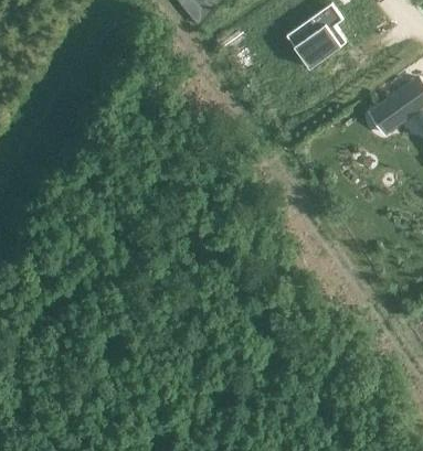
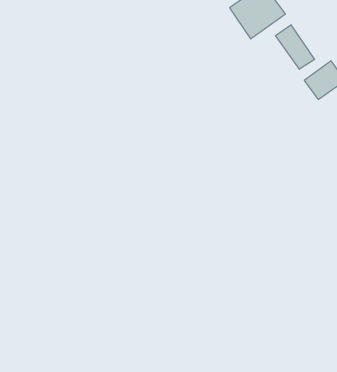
building: none -> [276,25,315,69]

